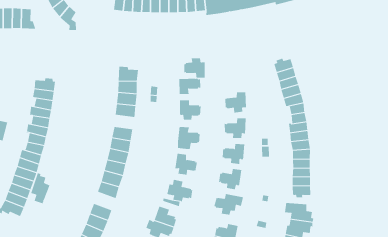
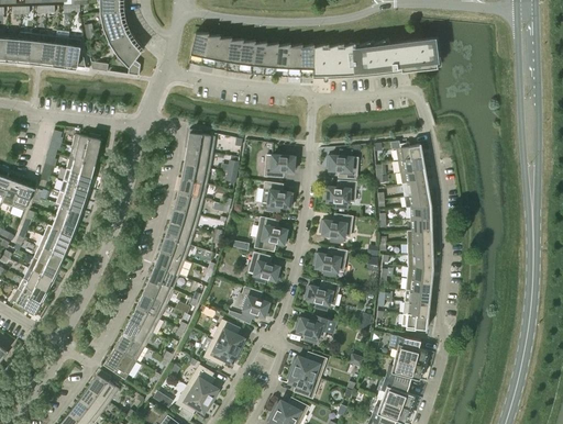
building: [183,58,206,78] -> [327,149,357,178]
building: none -> [174,192,203,214]
building: [30,173,50,204] -> none
building: none -> [135,292,166,319]

